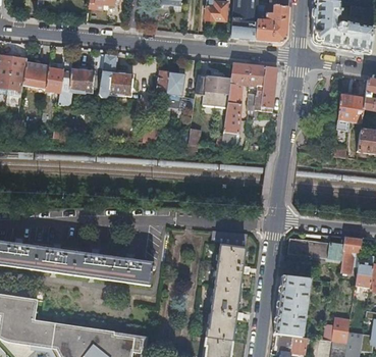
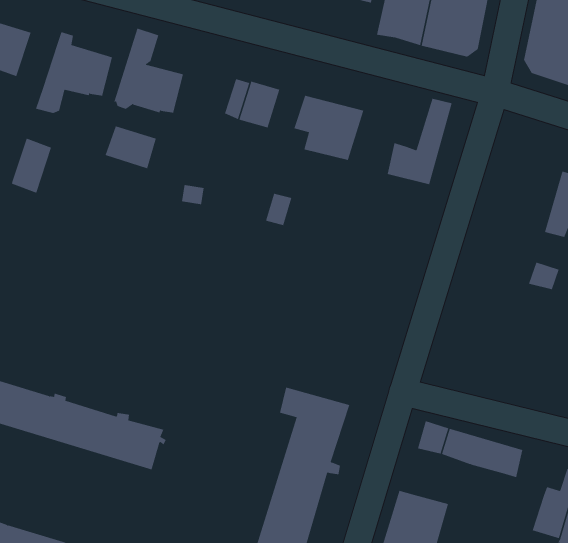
building: [221,62,266,148] -> none
building: [46,64,64,93] -> [11,138,52,194]
building: none -> [105,125,156,169]
building: [340,236,362,272] -> none

